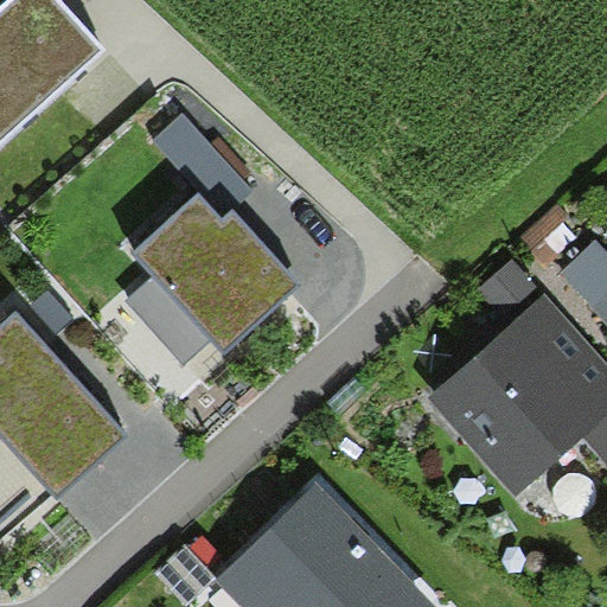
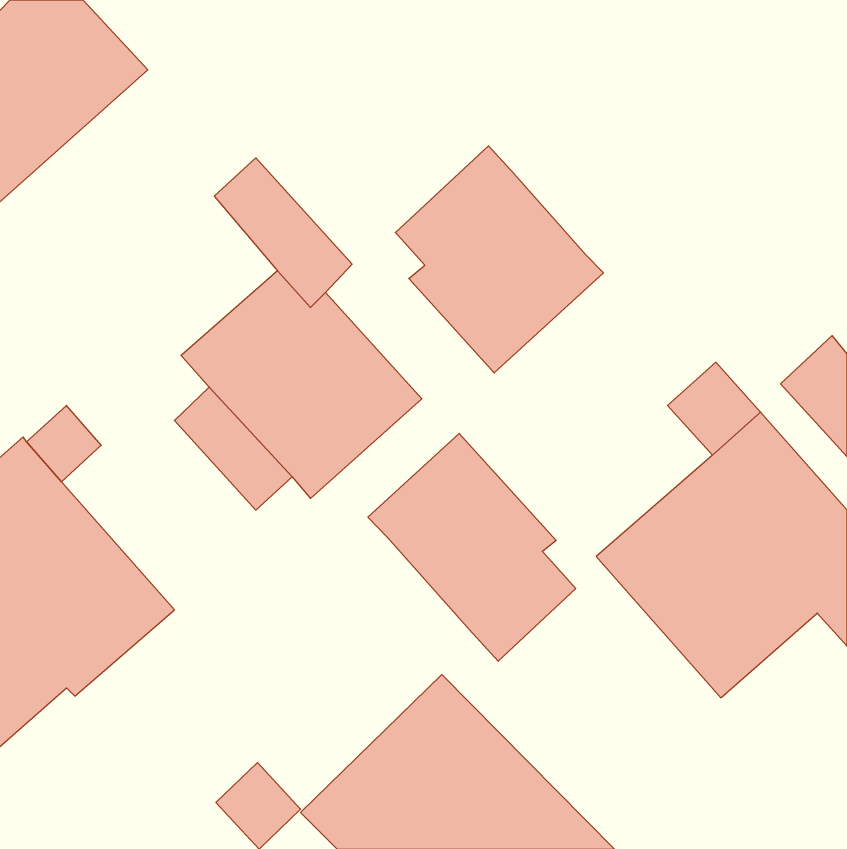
building: none -> [395,146,603,373]
building: none -> [368,433,576,661]

